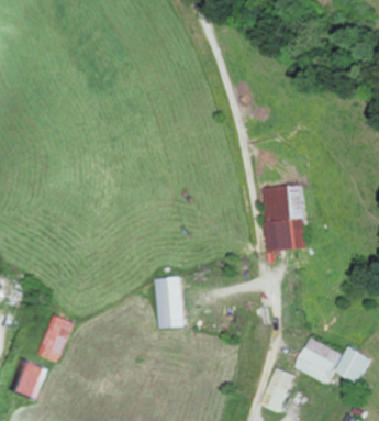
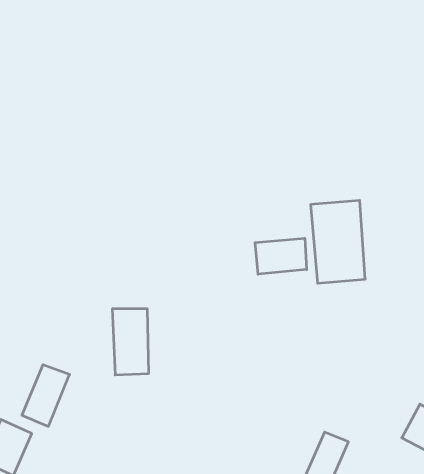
building: none -> [255,238,307,274]
building: [153,277,181,329] -> [112,309,149,375]
building: [294,336,342,384] -> none

